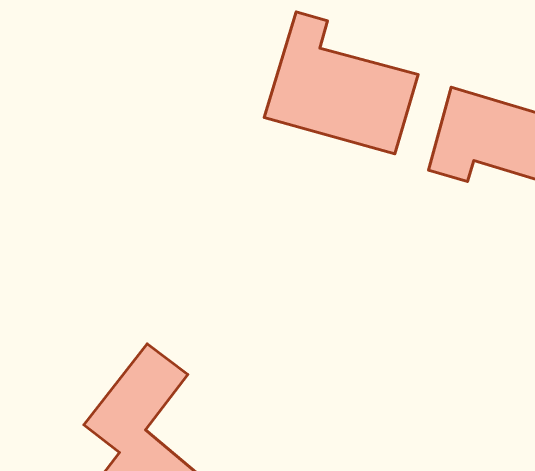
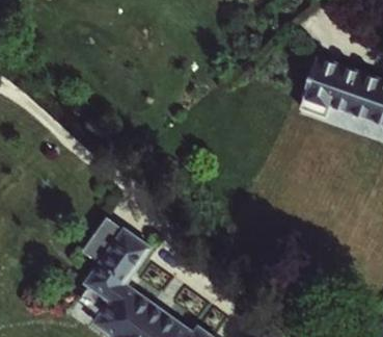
building: [264,12,418,154] -> none

